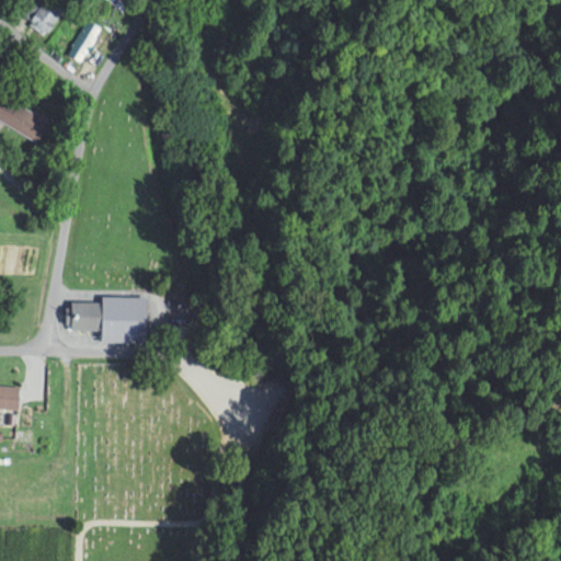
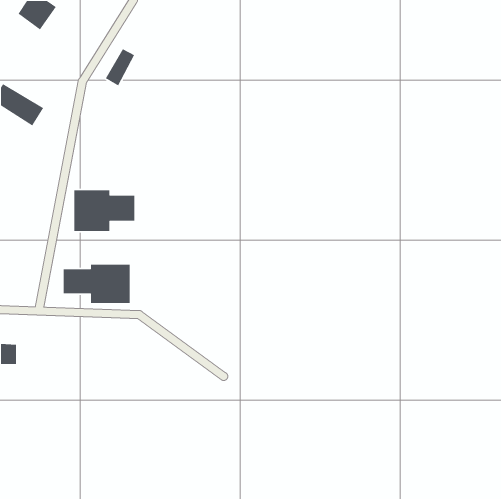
building: [67,21,101,64] -> [105,48,135,86]
building: none -> [74,190,135,232]

